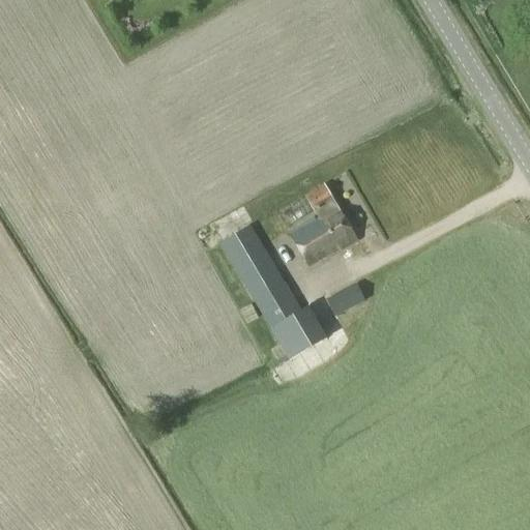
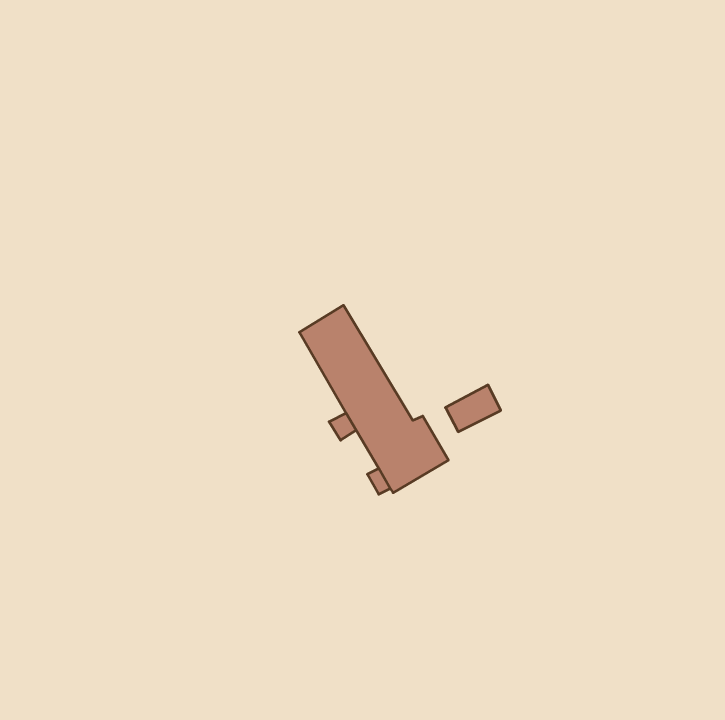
building: [289,183,356,263] -> none

